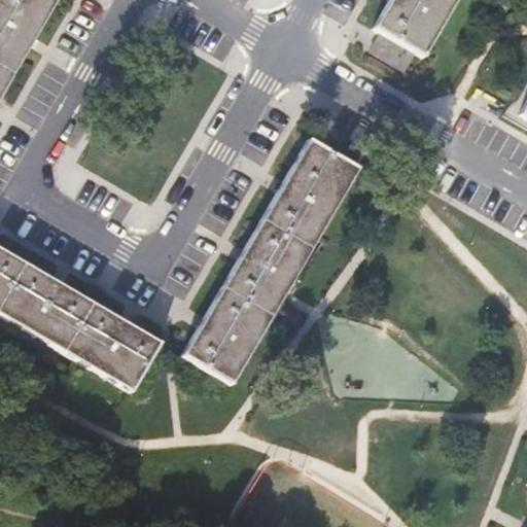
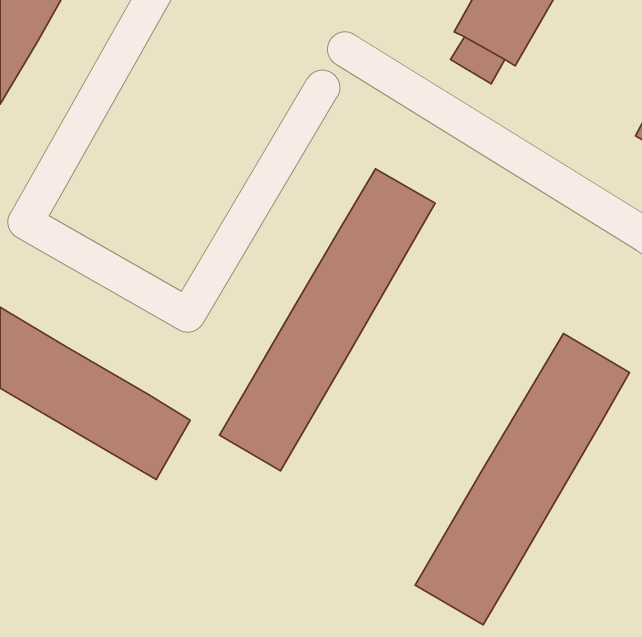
building: none -> [415,333,630,625]

